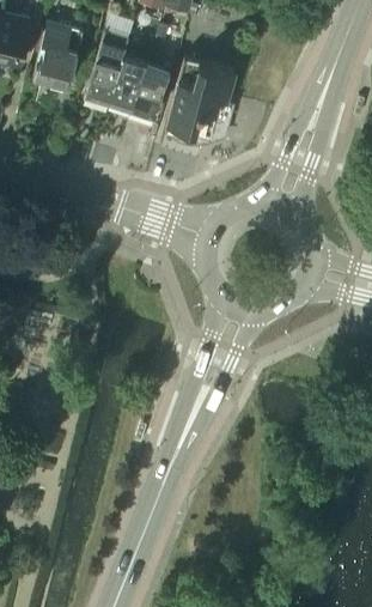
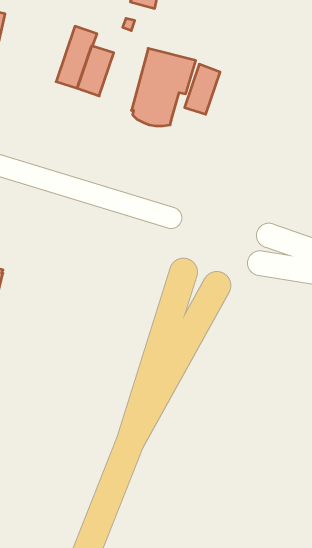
building: [32,23,84,87] -> none
building: [130,63,169,117] -> [185,64,220,114]

